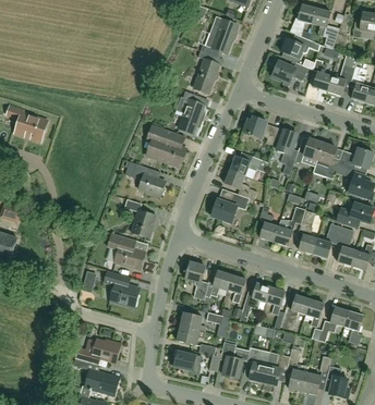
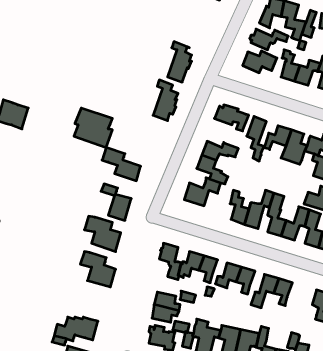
building: [199,16,237,57] -> none
building: [145,125,185,167] -> [74,108,112,148]
building: [317,306,349,342] -> none

